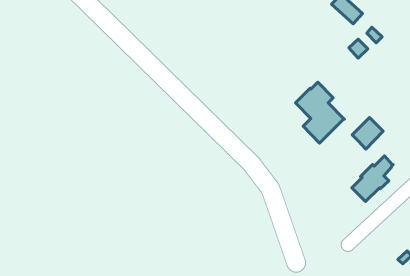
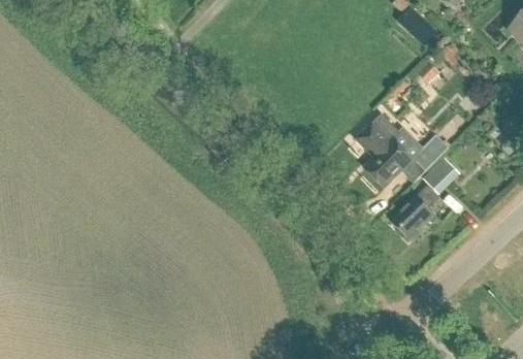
building: none -> [413,133,449,169]
building: [352,156,393,202] -> [391,183,440,237]

